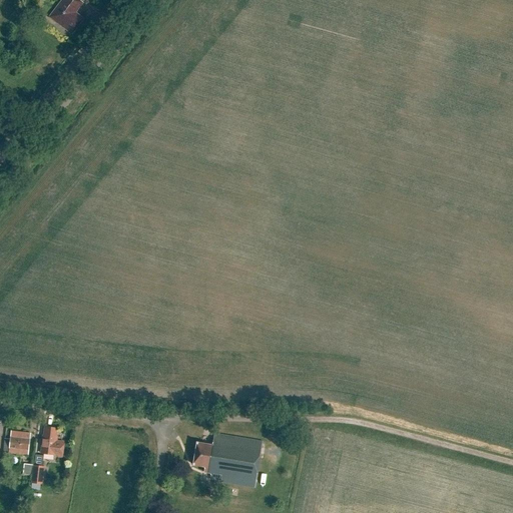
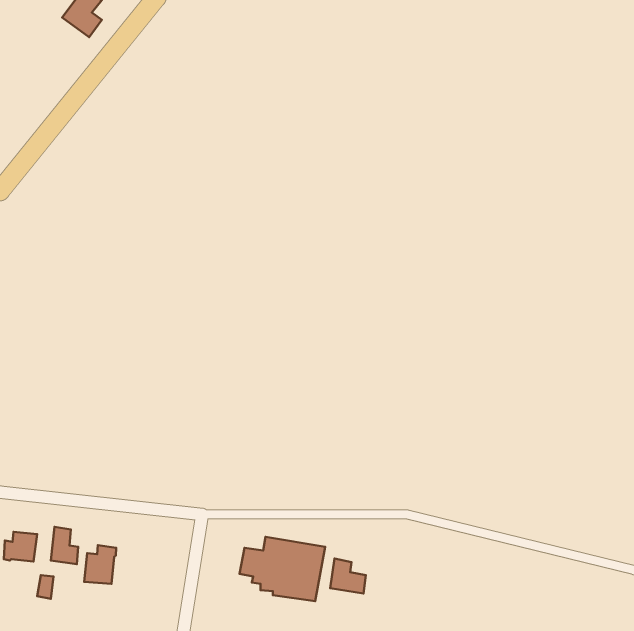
building: none -> [84,545,116,584]
building: none -> [330,559,366,594]

